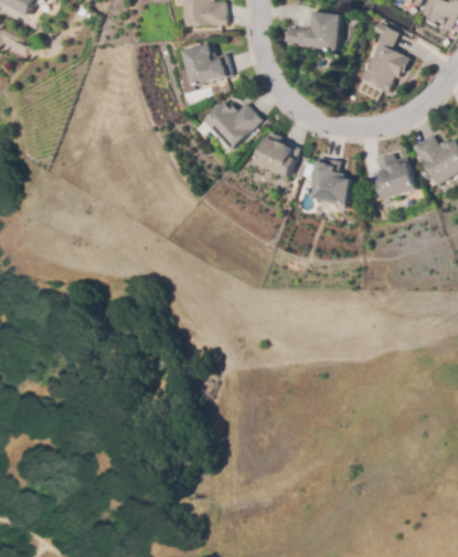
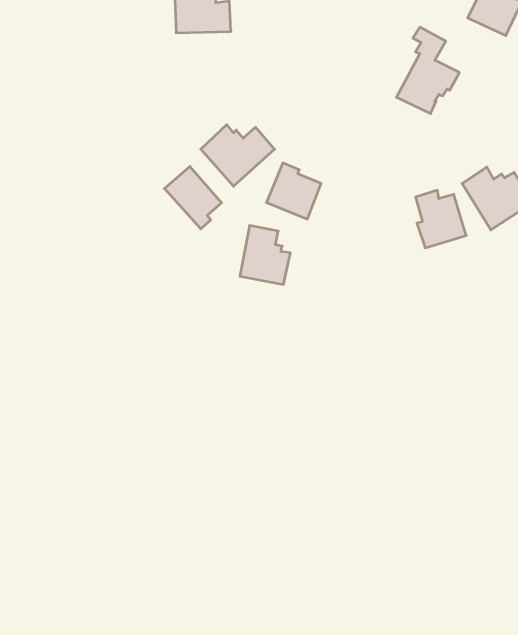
building: [286,11,341,51] -> none
building: [183,43,232,85] -> none
building: none -> [164,166,222,229]
building: [310,157,351,204] -> [240,226,290,284]

